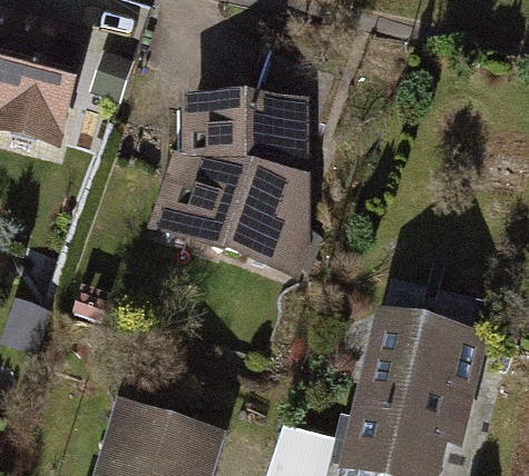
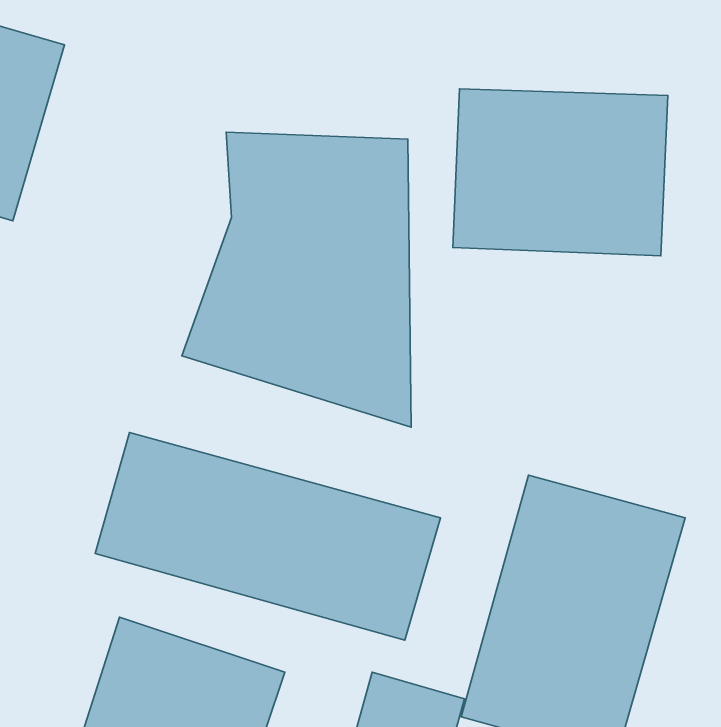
building: none -> [453,89,668,256]
building: none -> [95,432,440,640]

